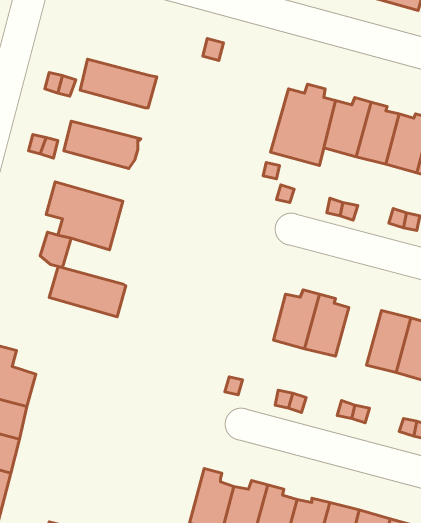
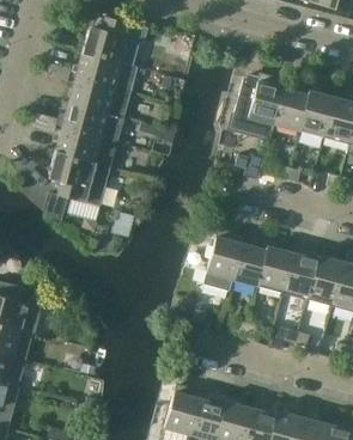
building: none -> [81,17,148,66]
building: none -> [68,78,128,117]
building: [49,266,126,317] -> [55,127,117,167]
building: none -> [206,228,242,280]
building: none -> [282,252,319,300]

